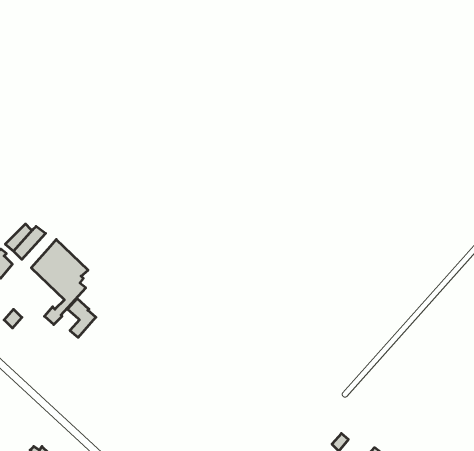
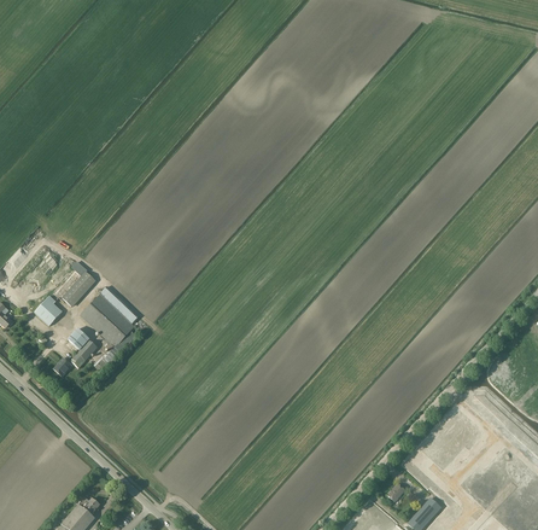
building: [68,298,96,337] -> [68,328,97,368]

